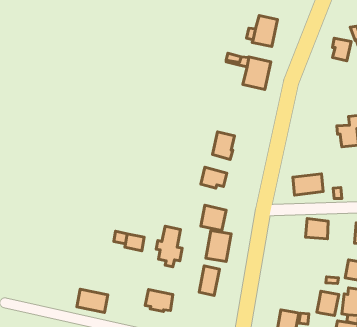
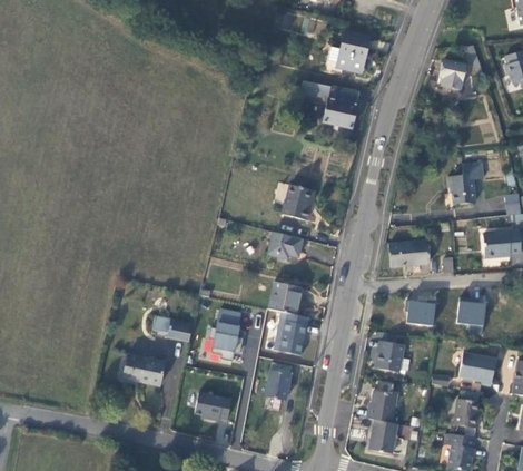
building: none -> [375,341,403,372]
building: [77,289,108,313] -> [122,354,164,385]
building: [317,291,339,316] -> [367,390,396,422]

